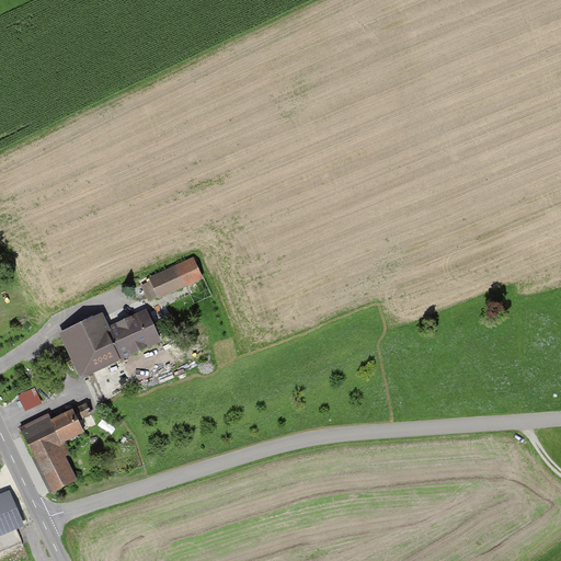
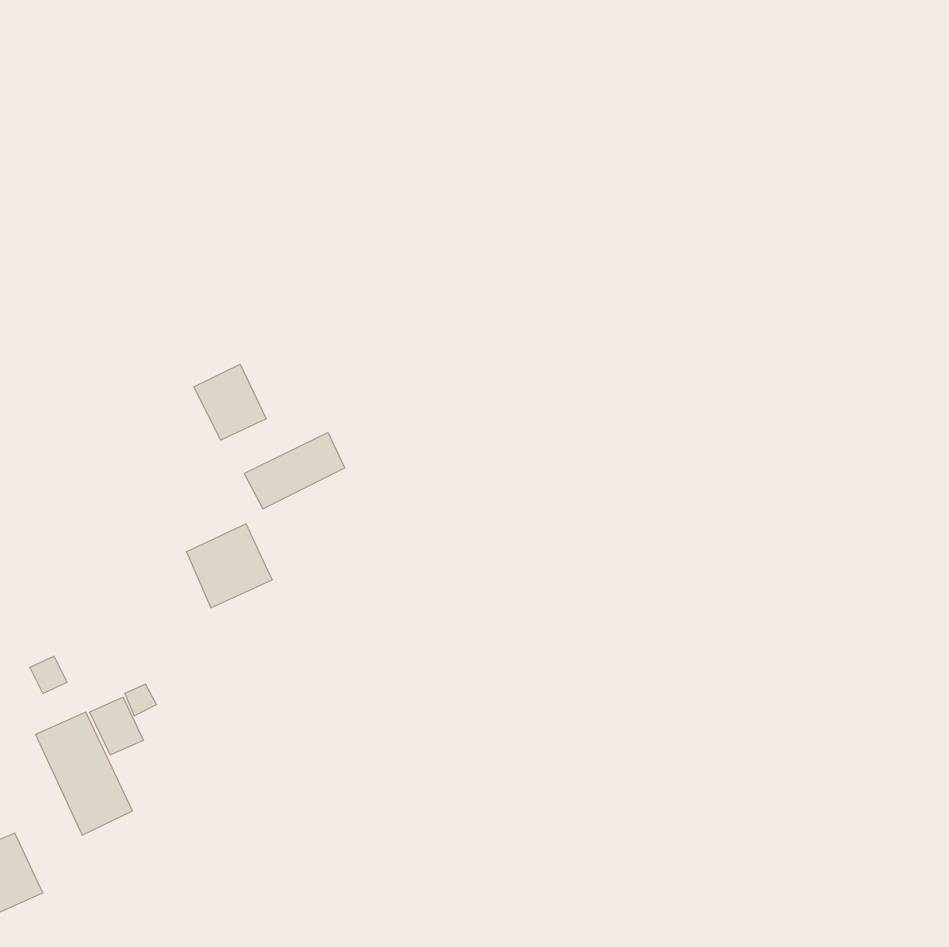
building: none -> [194,364,266,440]
building: [59,312,123,379] -> none

